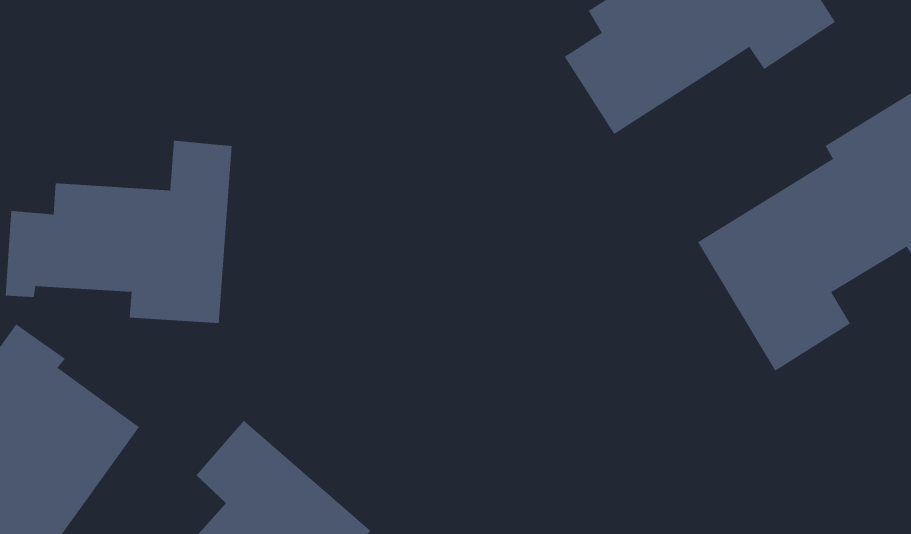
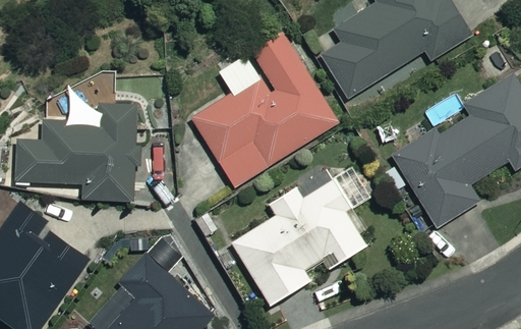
building: none -> [191,33,337,186]
building: none -> [231,178,366,306]

